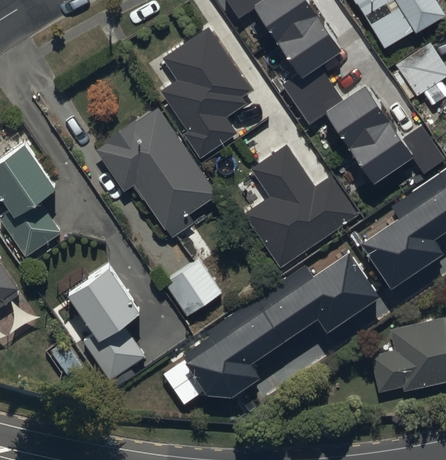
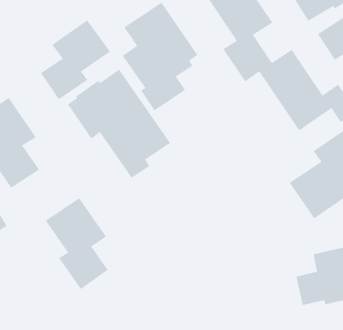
building: none -> [40,20,111,100]
building: [244,146,359,269] -> none
building: [180,253,380,398] -> none
building: [166,261,223,318] -> none

